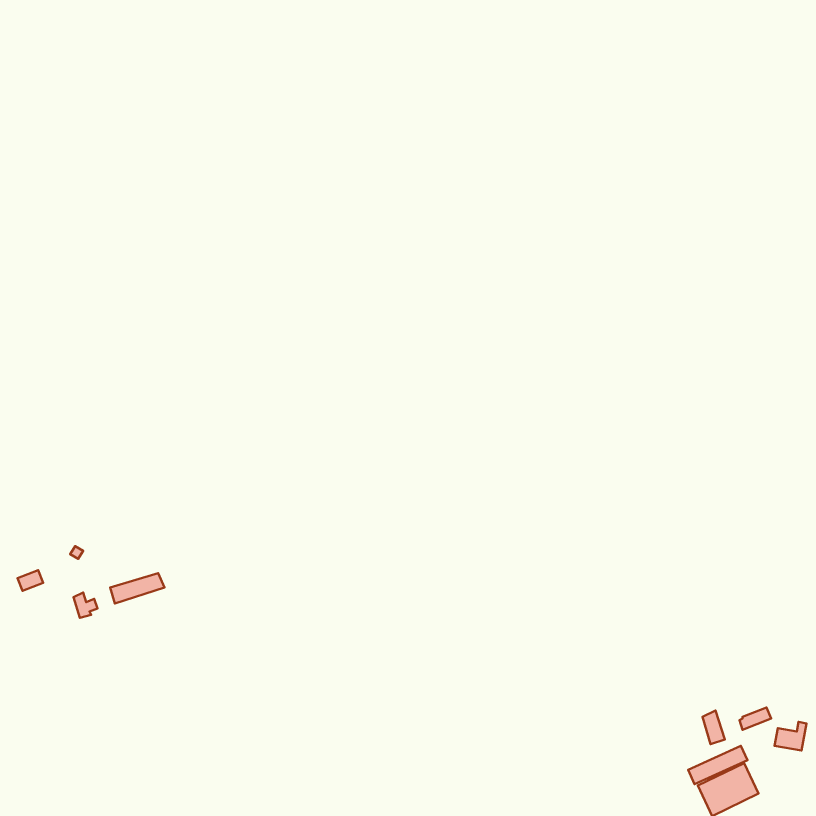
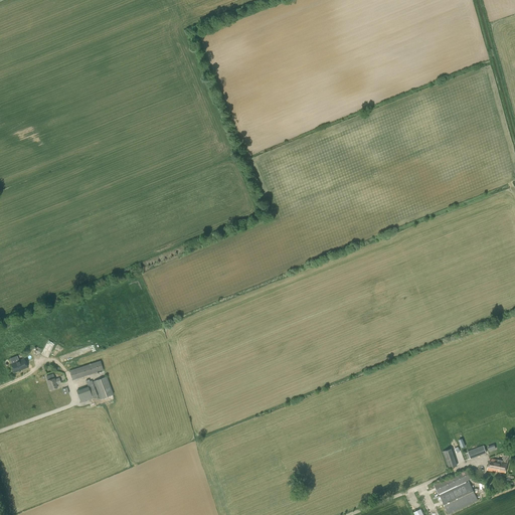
building: none -> [76,376,114,402]

